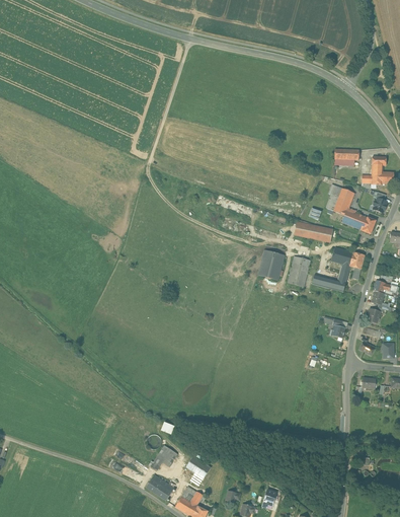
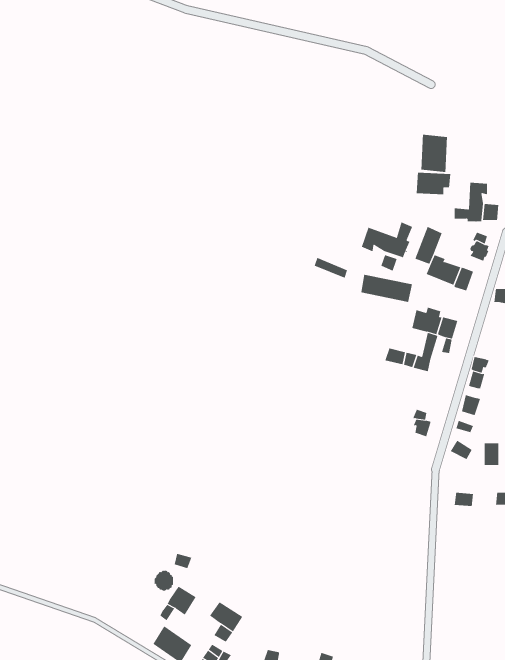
building: none -> [421,134,448,173]
building: none -> [361,221,413,258]
building: [258,250,285,280] -> none
building: [288,256,310,287] -> none

